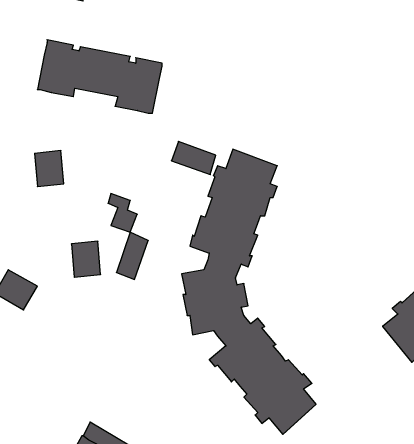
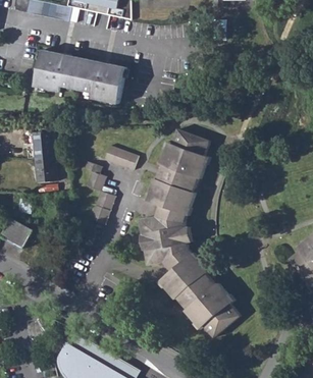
building: [171,141,216,175] -> [105,146,138,170]
building: [71,241,101,277] -> [34,155,55,181]

